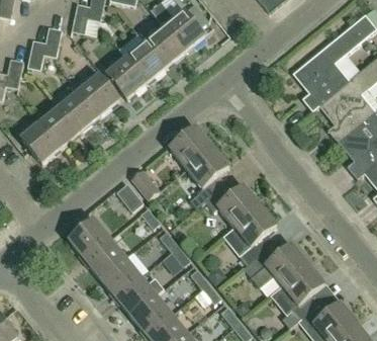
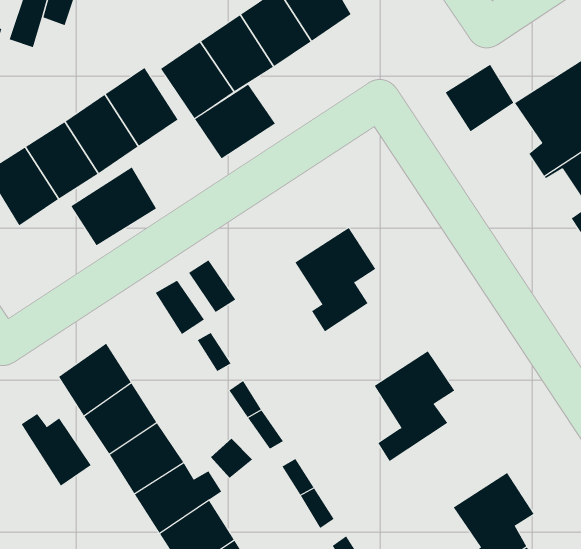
building: none -> [445,64,514,132]
building: none -> [71,167,157,246]
building: [171,126,213,167] -> [194,84,276,159]
building: [206,184,261,227] -> none
building: [245,242,308,287] -> none
building: none -> [21,413,92,486]

